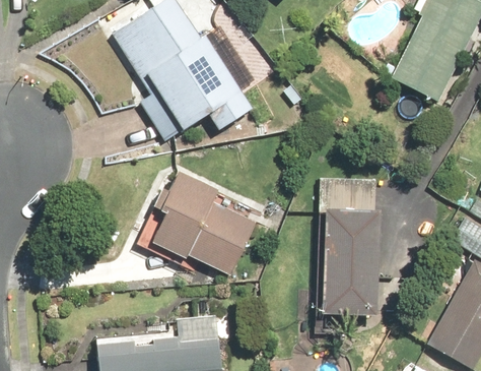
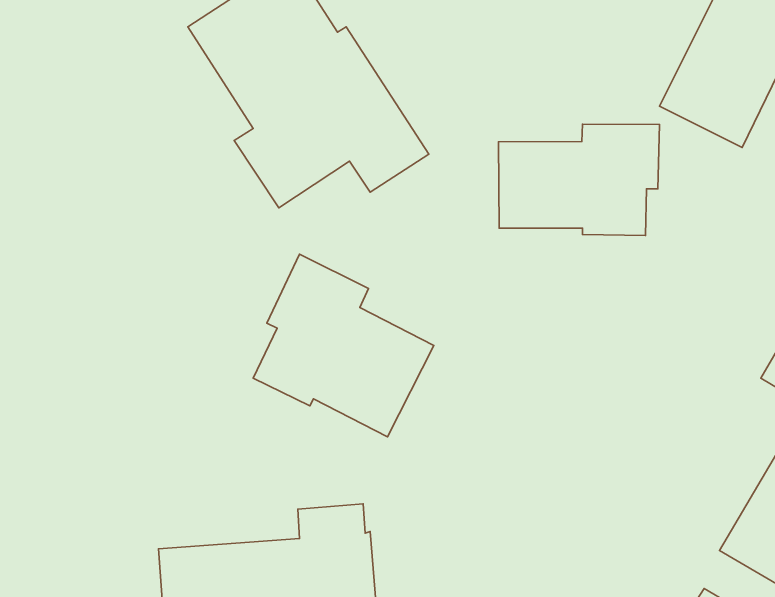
building: none -> [498,124,660,235]
building: [321,179,379,314] -> none

